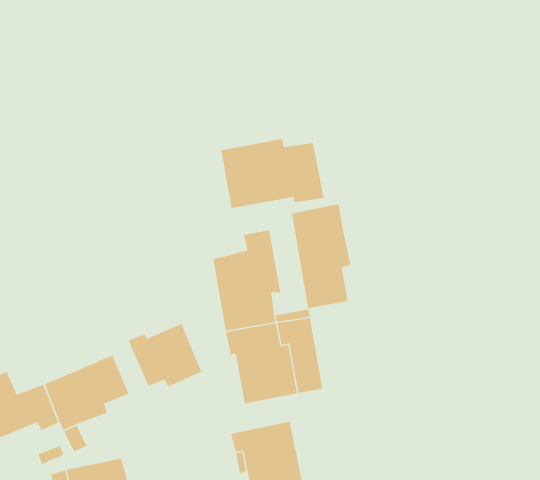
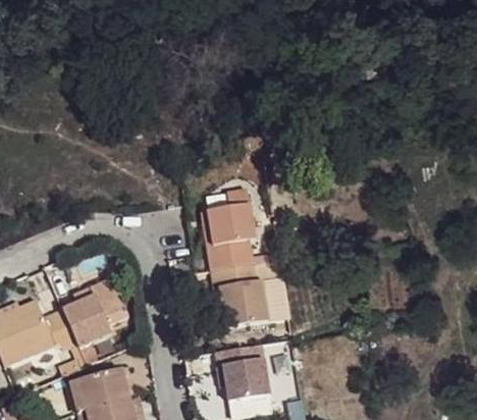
building: [220,138,324,209] -> none
building: [291,204,351,309] -> none
building: [128,323,203,387] -> none

